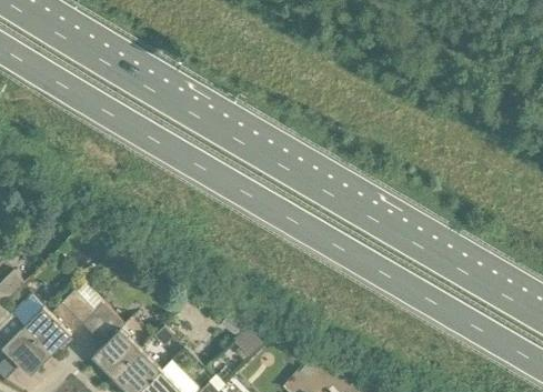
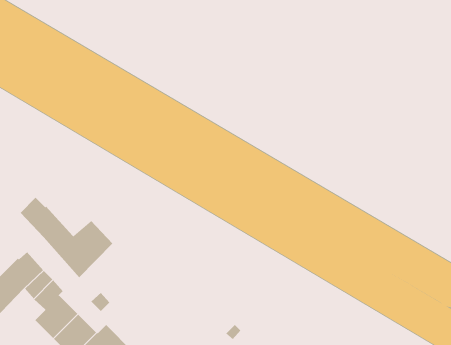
building: none -> [20,197,113,278]

